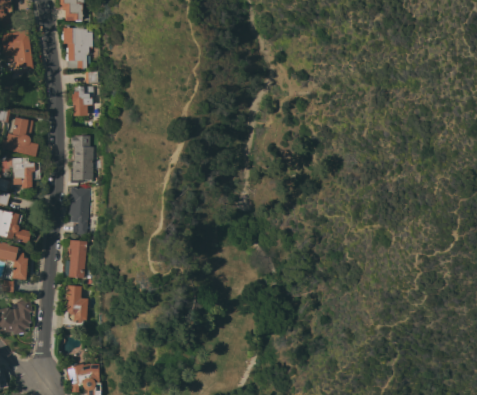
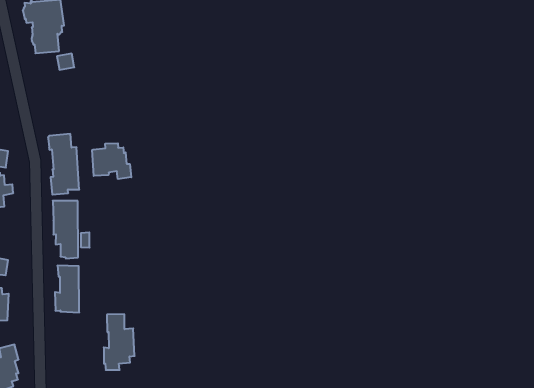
building: [72,86,94,116] -> none
building: none -> [92,143,131,179]
building: [62,285,88,330] -> [104,314,135,370]

